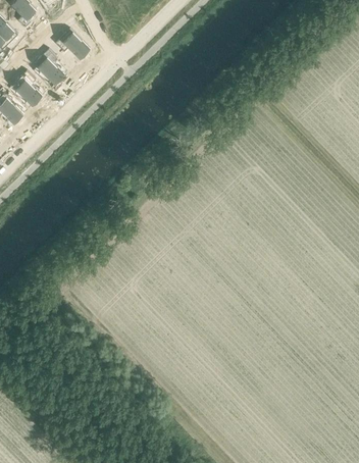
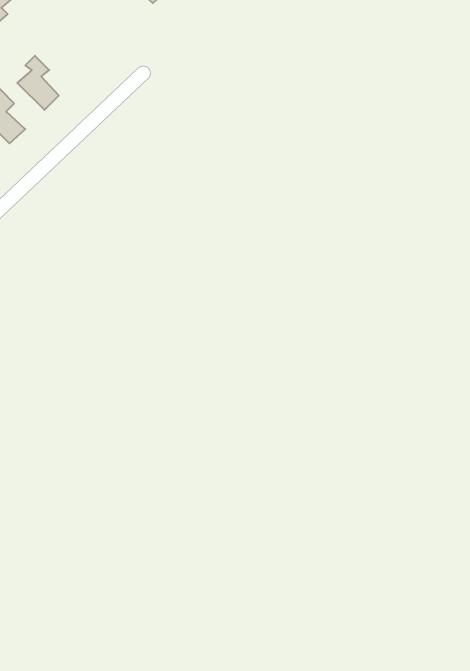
building: [55,33,90,60] -> none

